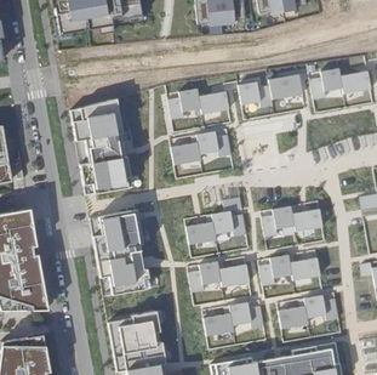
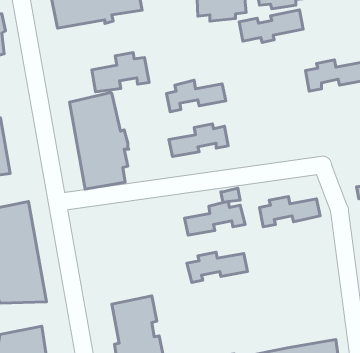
building: none -> [92,52,149,92]
building: [235,73,299,106] -> [239,10,303,42]
building: [98,210,149,295] -> none
building: [258,252,319,283] -> none
building: [278,292,338,325] -> none
building: [204,300,264,333] -> none

